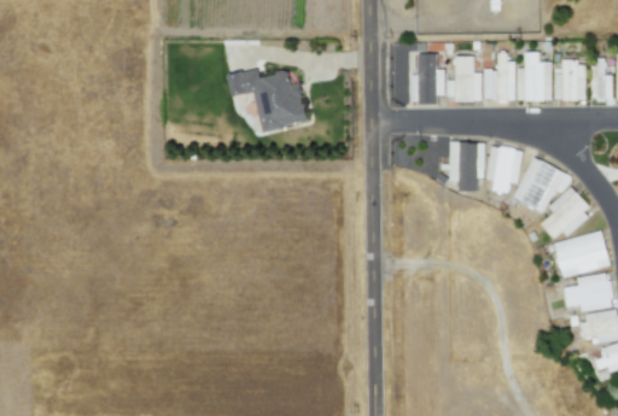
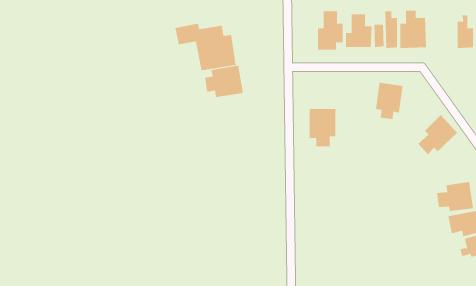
building: [554,61,587,100] -> none
building: none -> [204,65,244,98]
building: [450,142,485,192] -> [309,109,336,147]
building: [514,158,566,213] -> none
building: [555,232,610,276] -> none

